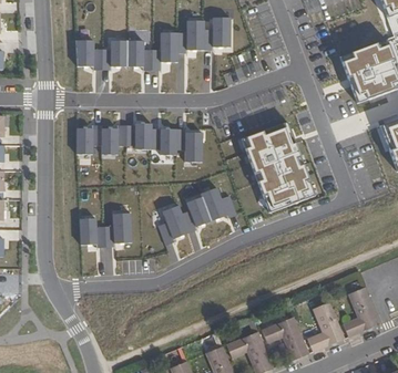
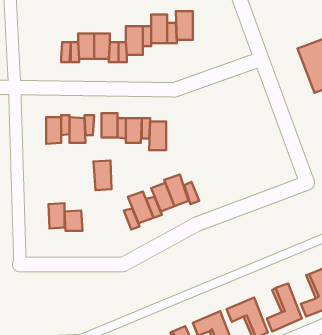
building: [75,40,93,66] -> none
building: [241,121,315,211] -> none
building: [112,211,131,242] -> [94,161,112,190]

